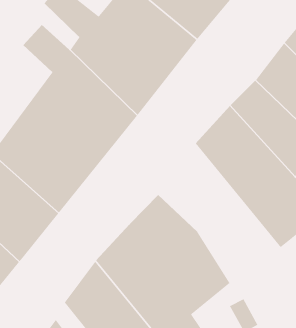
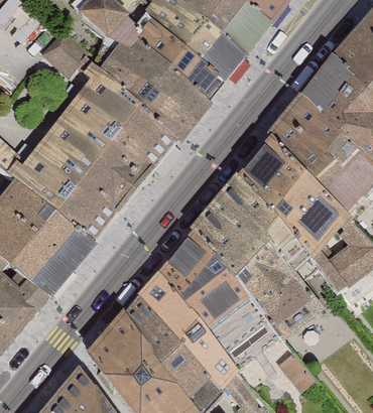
building: none -> [198,169,339,330]

